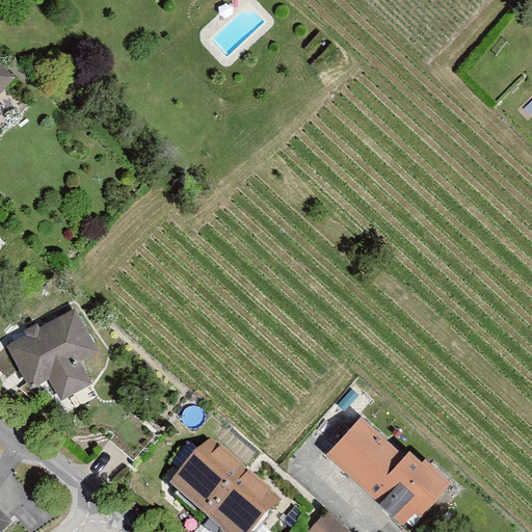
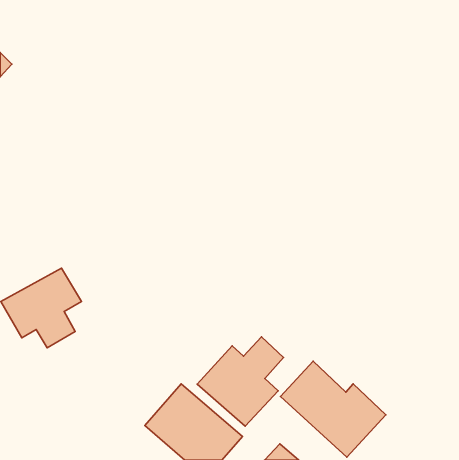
building: none -> [197,337,283,426]

